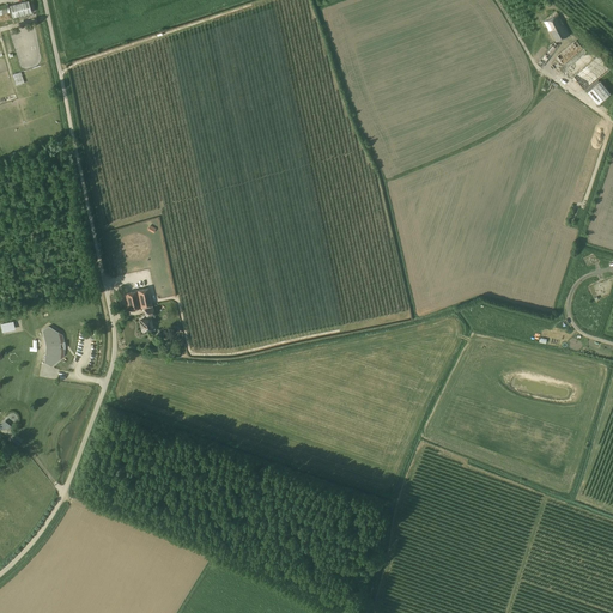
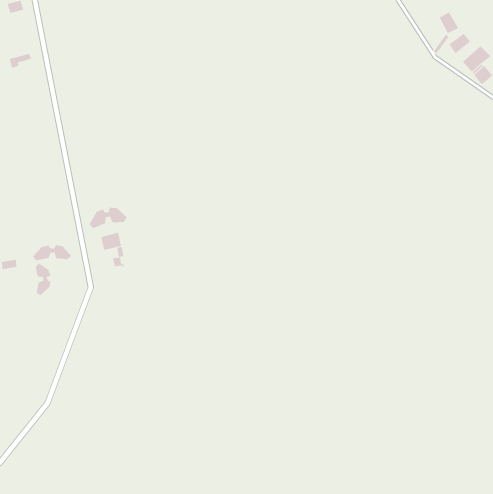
building: none -> [89,207,127,229]
building: none -> [32,244,72,261]

